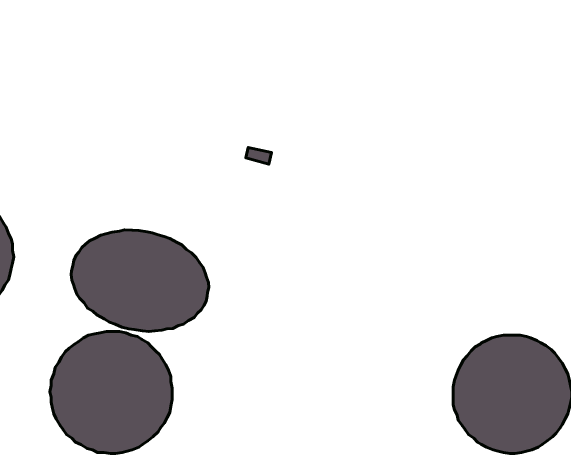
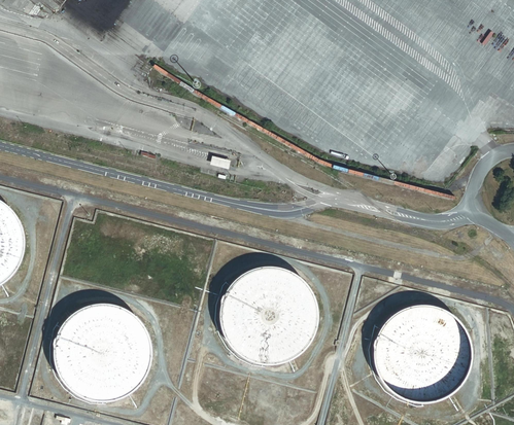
building: [71,230,209,331] -> none
building: none -> [218,265,317,364]

